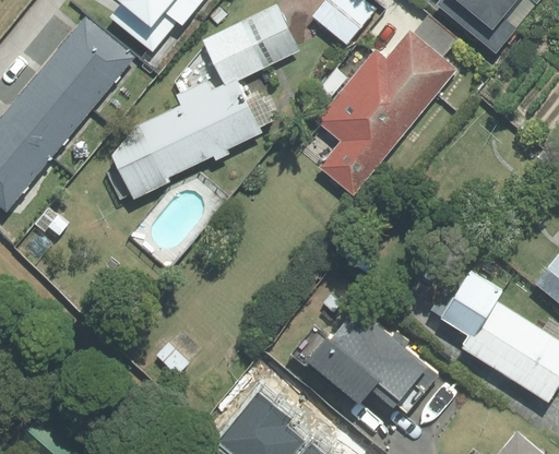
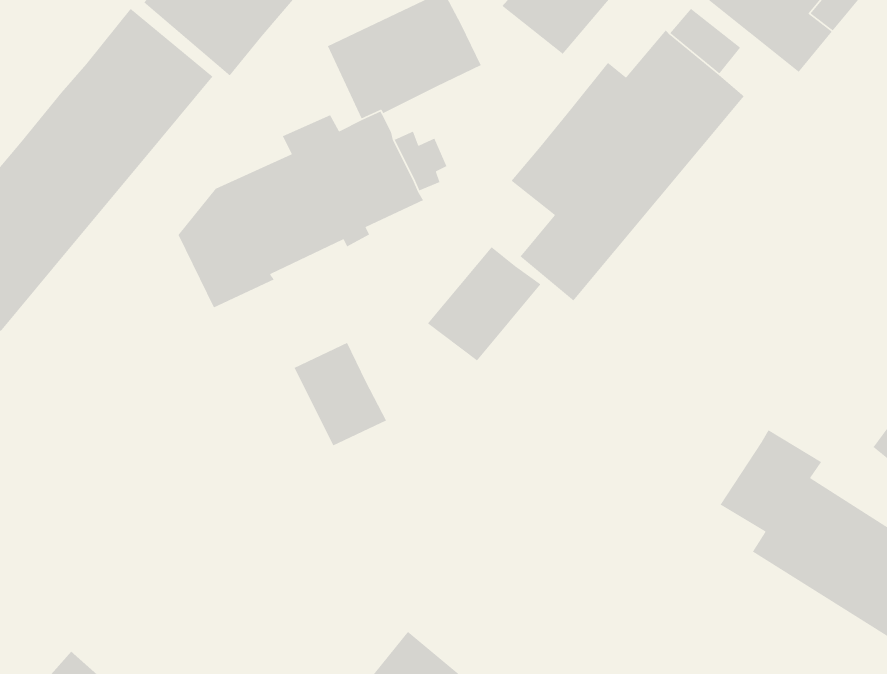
building: none -> [427,246,542,362]
building: none -> [294,342,387,447]
building: [298,304,430,406] -> none

